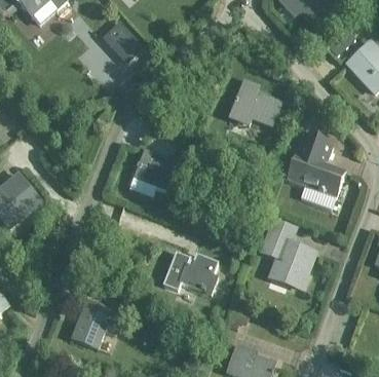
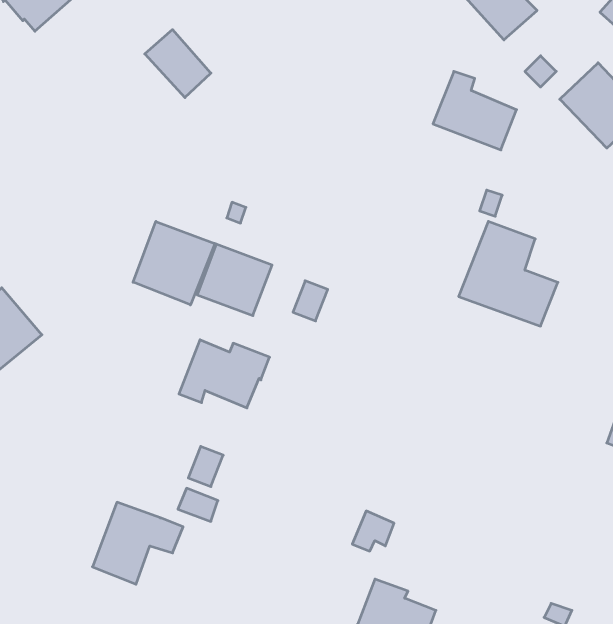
building: [231,79,280,125] -> [433,71,517,150]
building: none -> [133,221,215,305]
building: [262,221,313,288] -> none
building: [163,252,217,292] -> [179,340,270,408]

